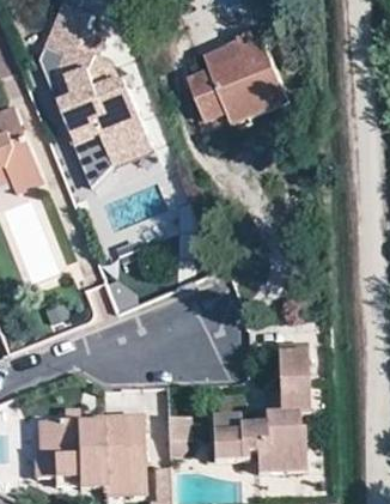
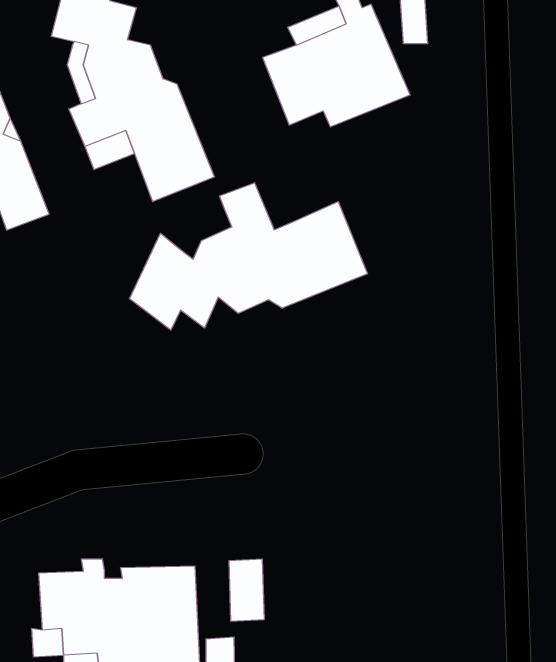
building: none -> [130,183,368,330]
building: [211,344,309,473] -> none

